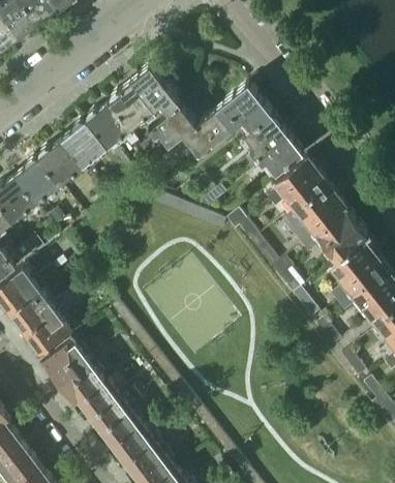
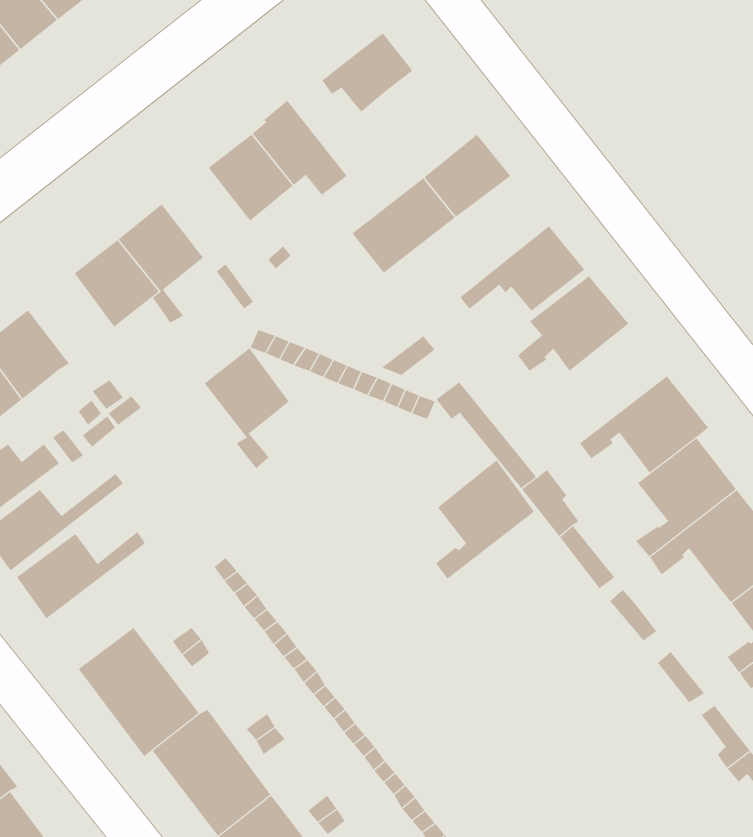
building: [86,102,131,149] -> none
building: [150,107,198,148] -> [321,33,413,113]
building: [245,107,286,157] -> none
building: [17,157,61,220] -> [204,347,290,469]
building: [296,183,347,245] -> [435,460,535,579]
building: [26,297,83,357] -> none

